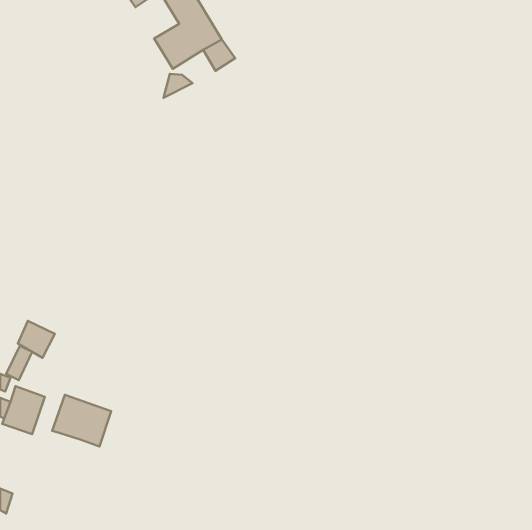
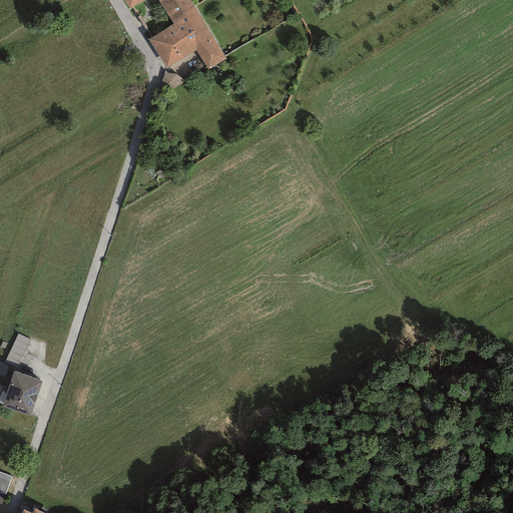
building: [18,321,55,358] -> none
building: [52,395,111,446] -> none

